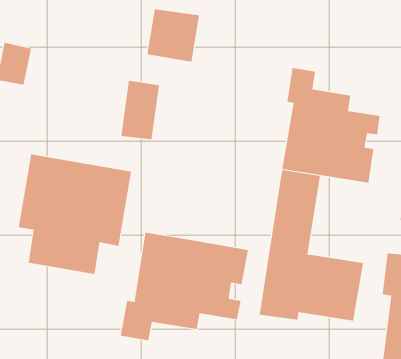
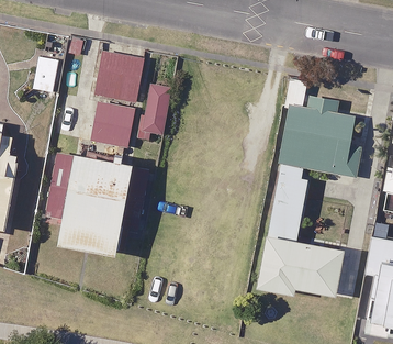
building: [146,9,200,62] -> [98,55,144,101]
building: none -> [91,103,136,147]
building: [120,232,248,341] -> none

